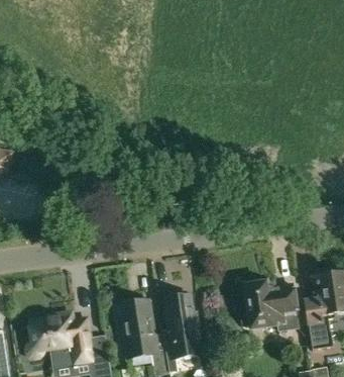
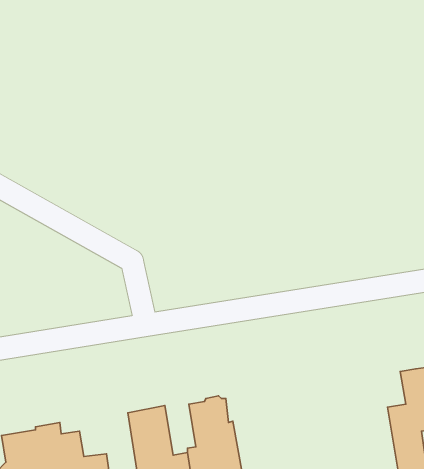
building: [238,280,297,331] -> none

